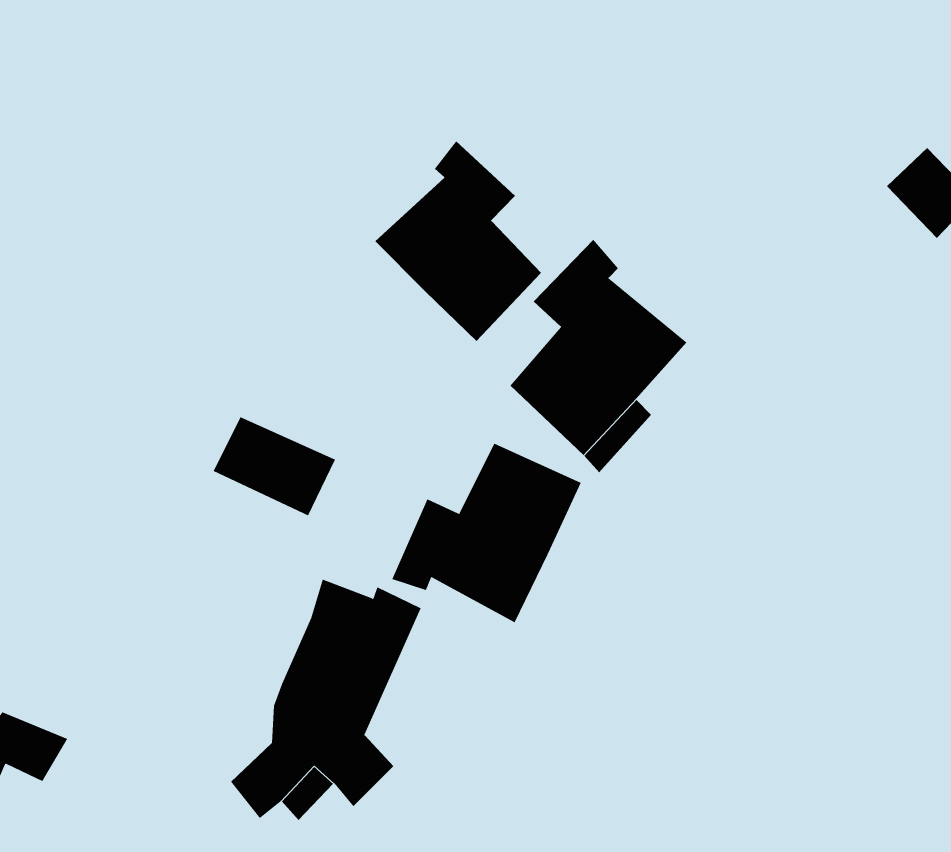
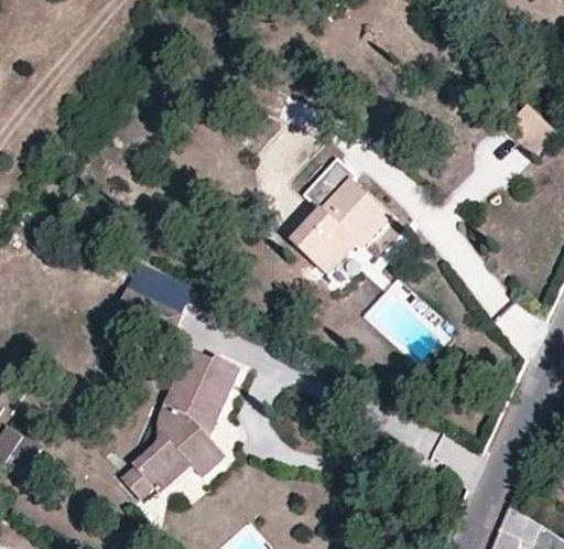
building: [374,140,542,342] -> none
building: [392,443,581,623] -> none

